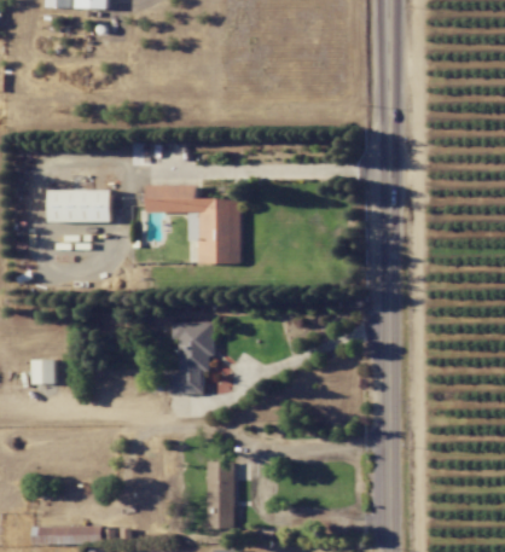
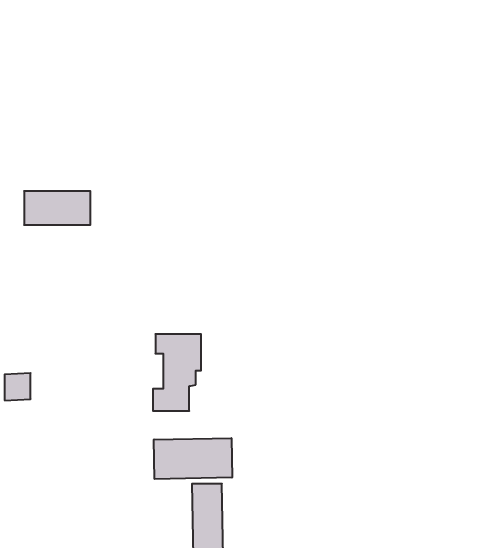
building: [147,185,240,263] -> none
building: none -> [154,438,232,479]

